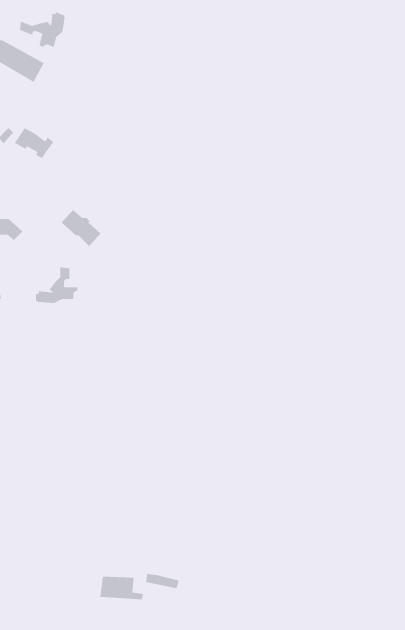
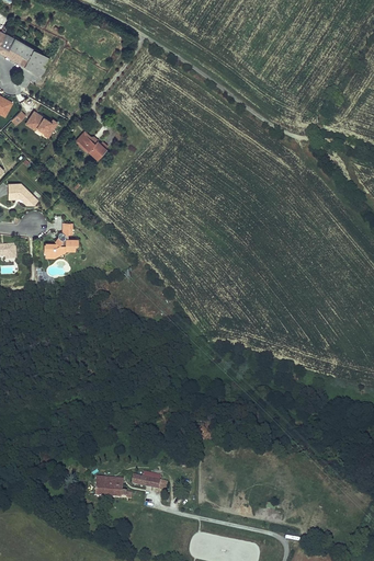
building: [19,11,65,48] -> none
building: [61,209,101,247] -> [72,130,105,161]

